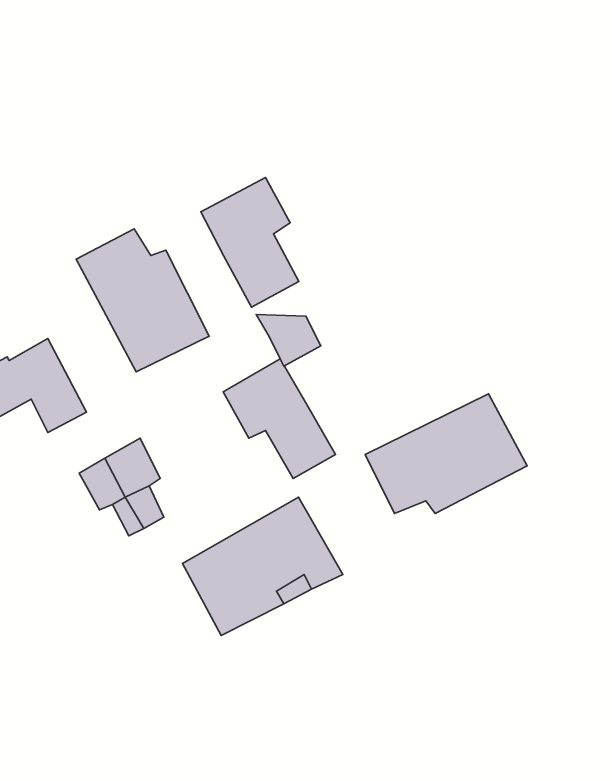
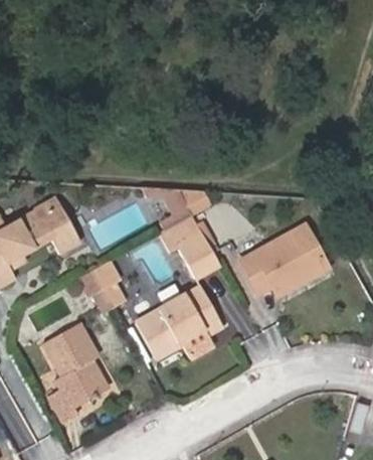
building: [201,178,299,307] -> none
building: [76,229,209,372] -> none
building: none -> [44,324,105,425]

